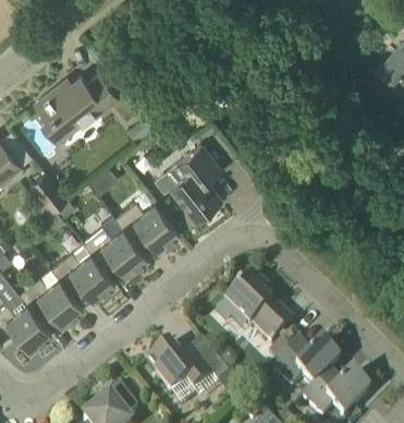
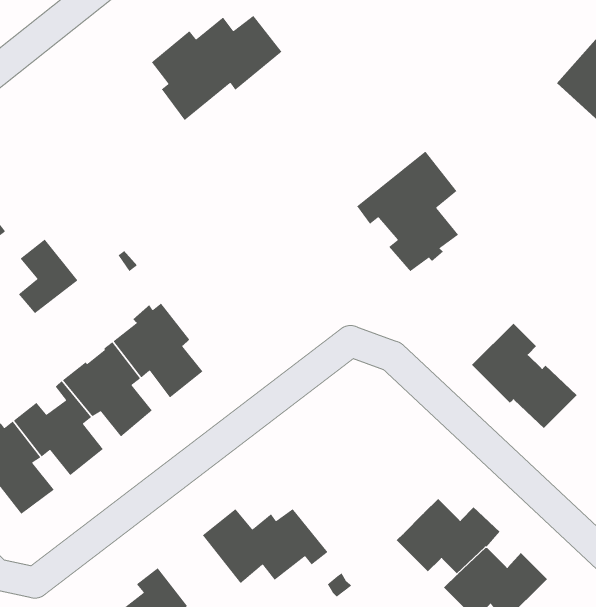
building: [36,74,121,143] -> [151,15,282,121]
building: [158,145,224,223] -> [356,151,459,272]
building: [122,202,181,250] -> none
building: [227,277,295,346] -> [471,323,578,429]

